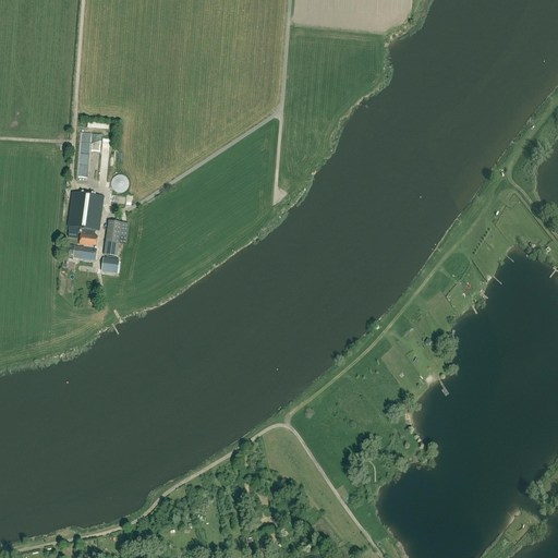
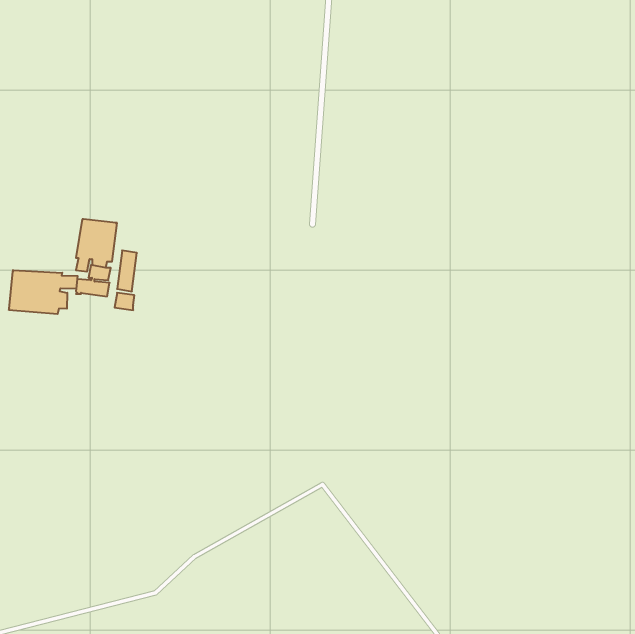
building: [80,129,102,173] -> none
building: none -> [9,270,78,314]

